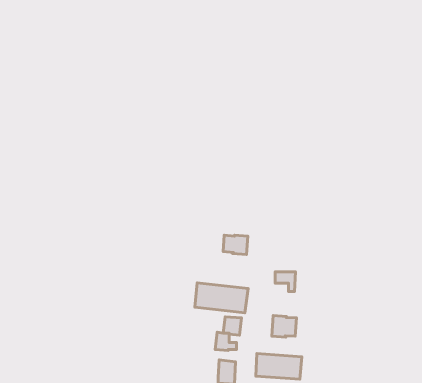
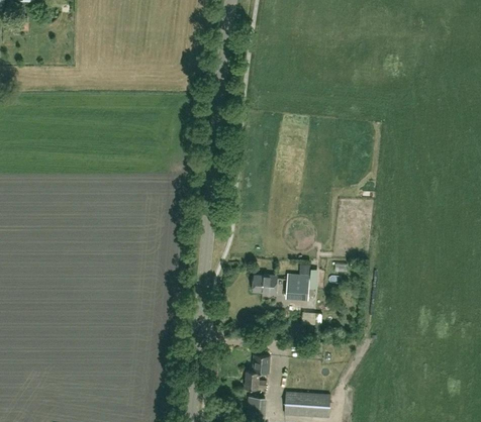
building: none -> [286,266,314,299]
building: [195,283,248,313] -> none
building: [272,316,296,337] -> none

